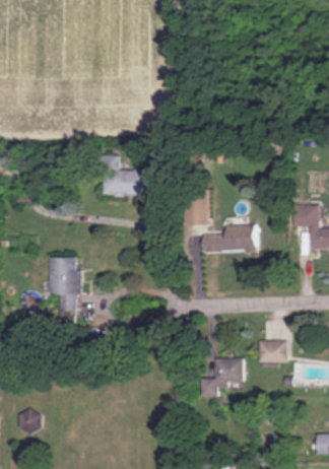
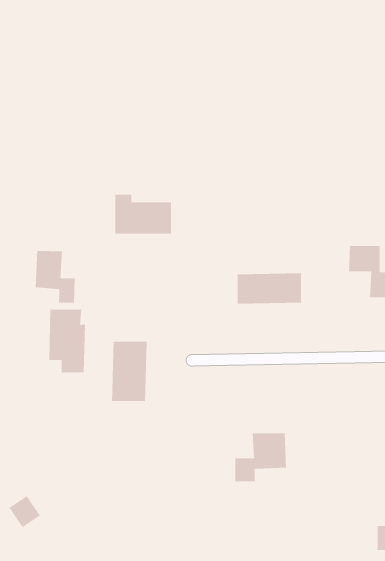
building: none -> [35,250,75,304]
building: none -> [112,341,147,402]
building: [258,340,286,361] -> none

